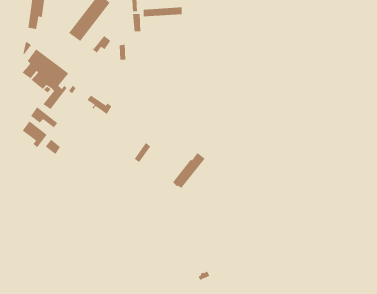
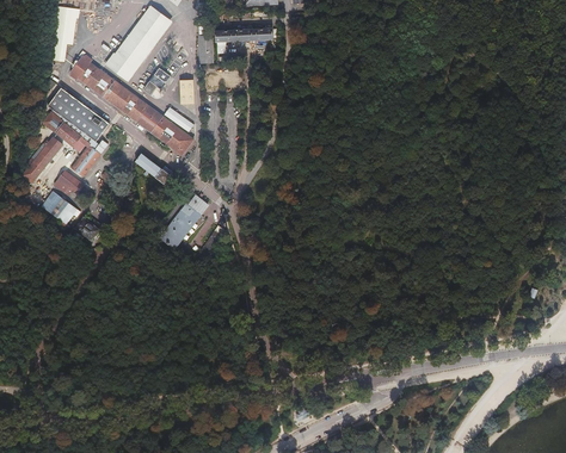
building: none -> [68,54,192,155]
building: none -> [20,137,61,184]
building: [172,152,205,189] -> [159,196,207,248]

